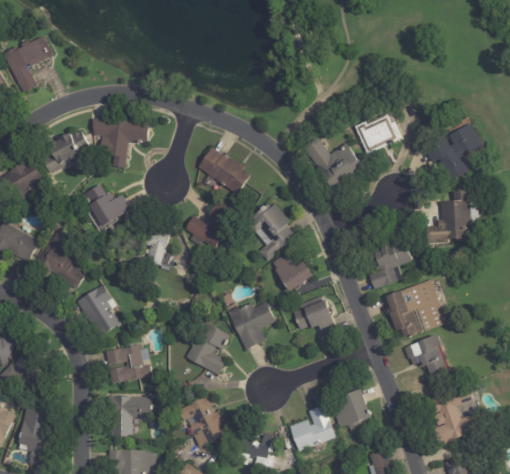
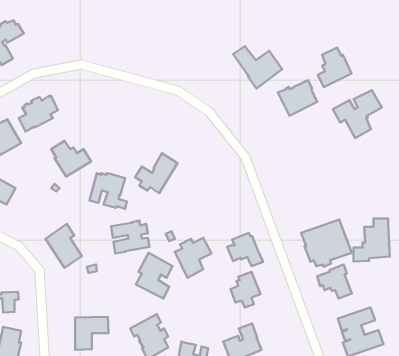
building: none -> [318,48,351,87]
building: [94,117,151,168] -> none
building: [303,137,362,188] -> [233,46,282,88]
building: [198,148,251,195] -> none
building: [426,191,470,243] -> [353,218,390,262]
building: [247,204,295,261] -> none
building: [36,234,85,290] -> none
building: [370,239,412,288] -> none
building: [272,253,312,291] -> none
building: [105,344,151,384] -> [111,220,149,254]
building: [335,389,371,432] -> [231,272,261,307]

